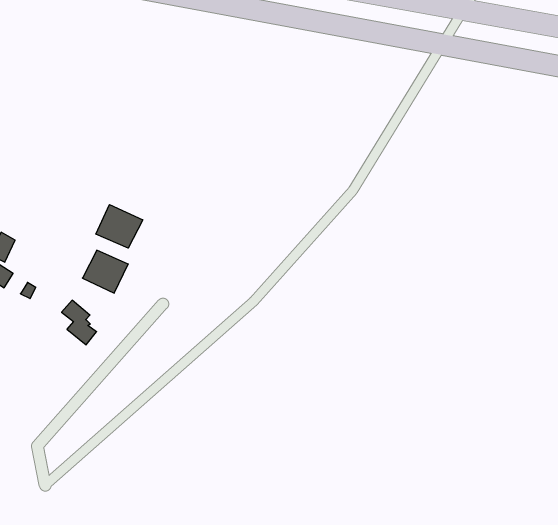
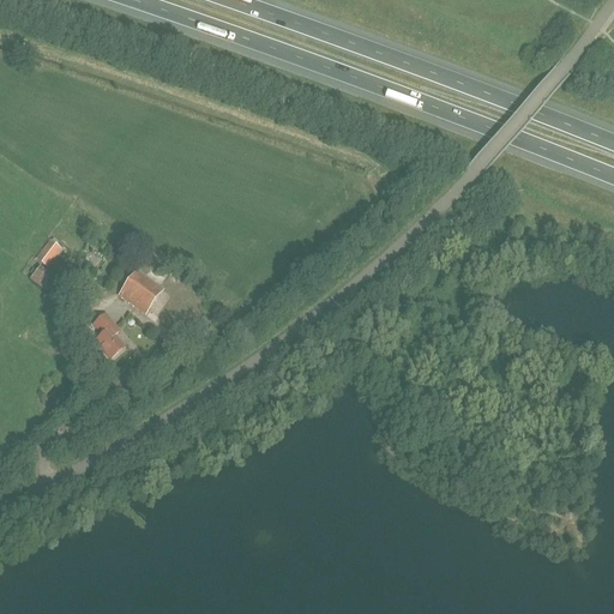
building: [96,205,143,248] -> none

